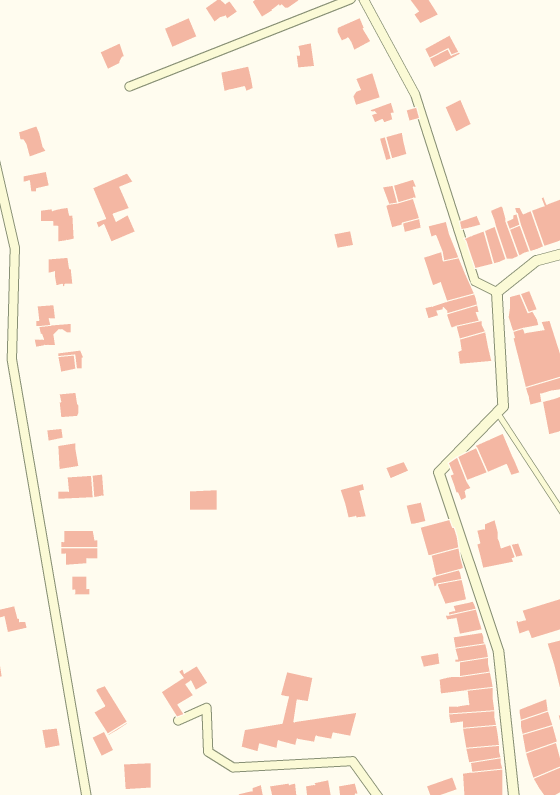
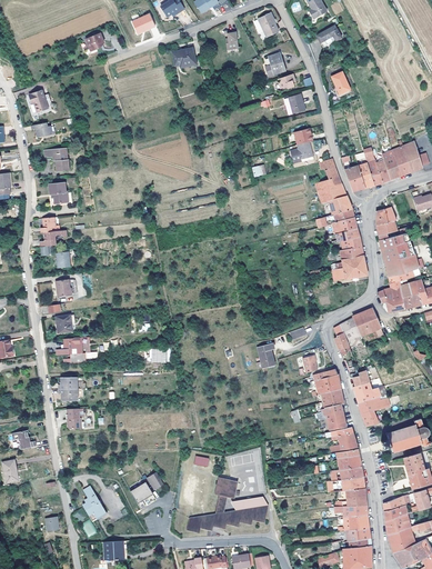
building: [93,173,135,242] -> none
building: none -> [331,257,368,281]
building: none -> [378,286,404,312]
building: none -> [358,398,390,427]

